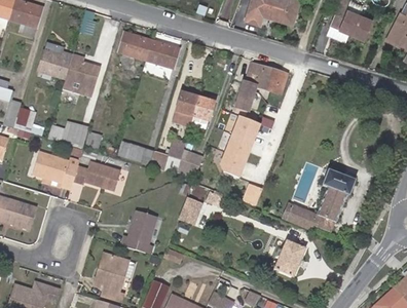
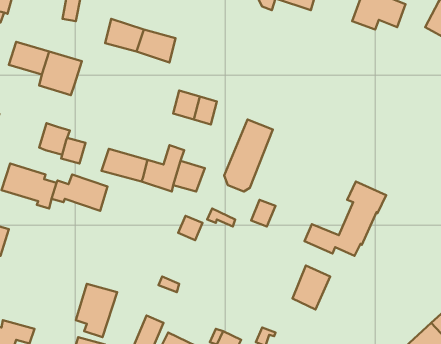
building: [236,61,288,109] -> none
building: [122,210,157,254] -> none

